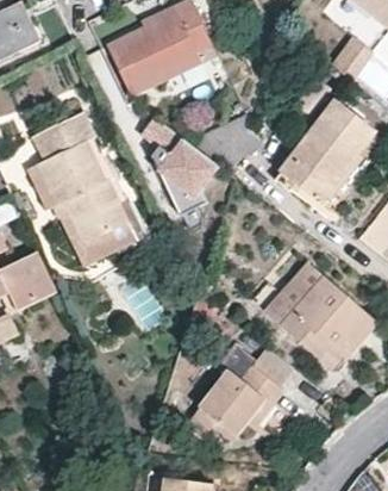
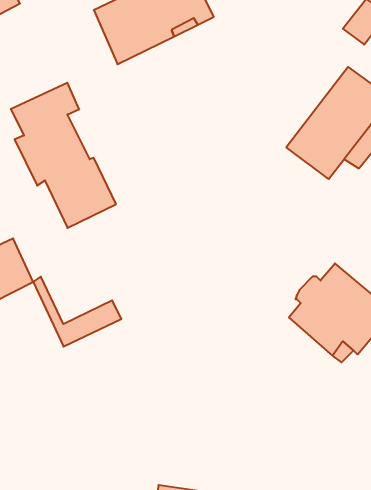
building: [148,122,217,213] -> none
building: [55,200,134,263] -> [33,277,121,347]
building: [187,365,281,436] -> none

